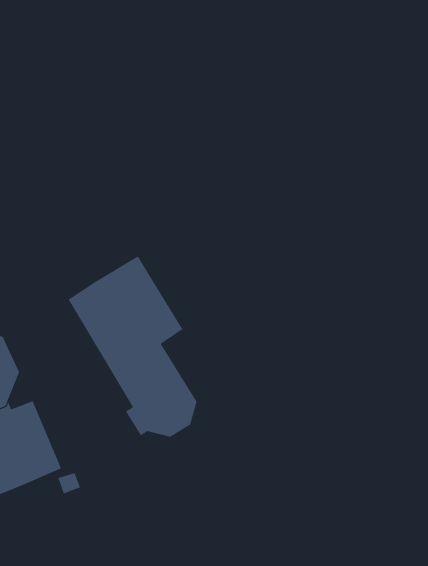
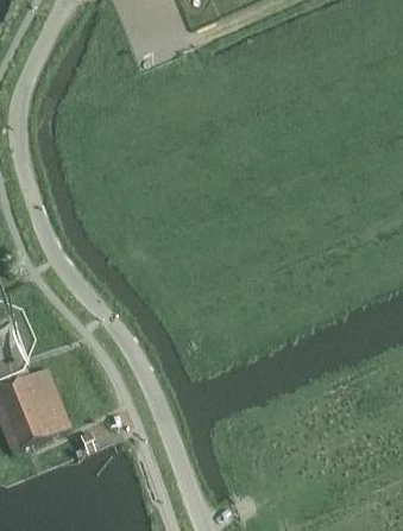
building: [68,255,197,437] -> none

